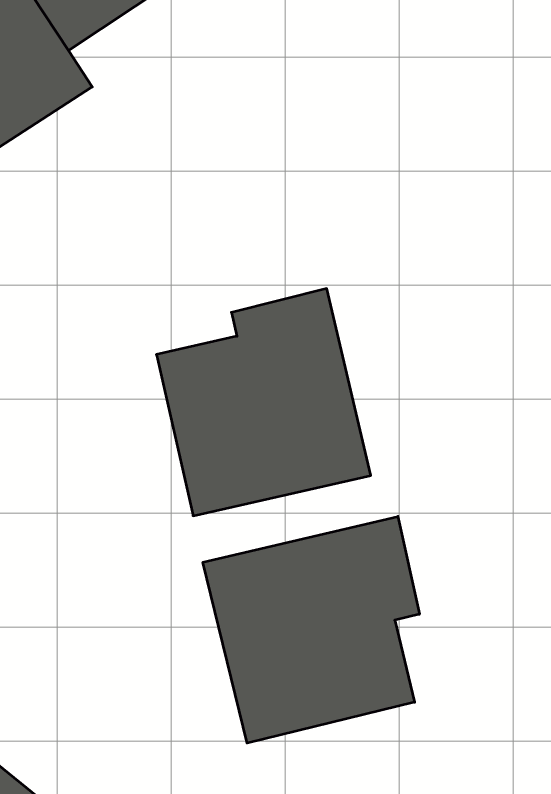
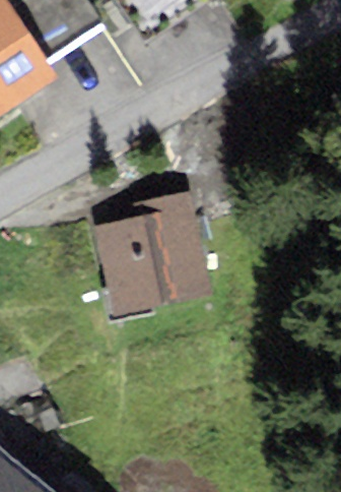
building: [203,516,419,743] -> none

